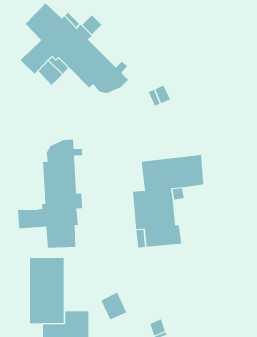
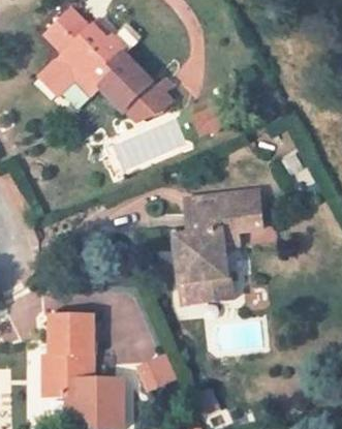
building: [18,139,83,249] -> none

